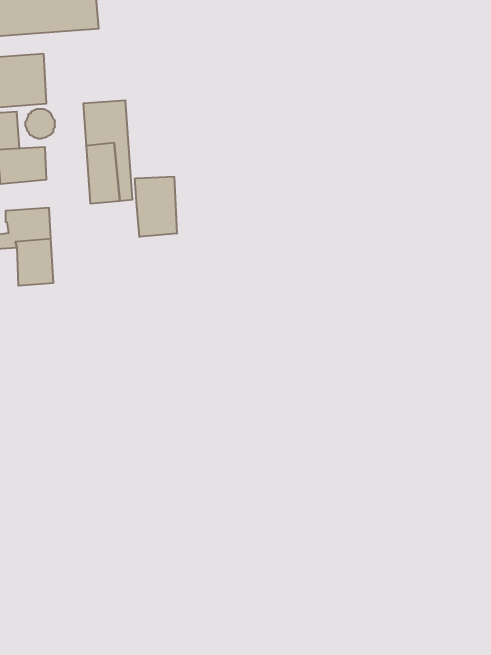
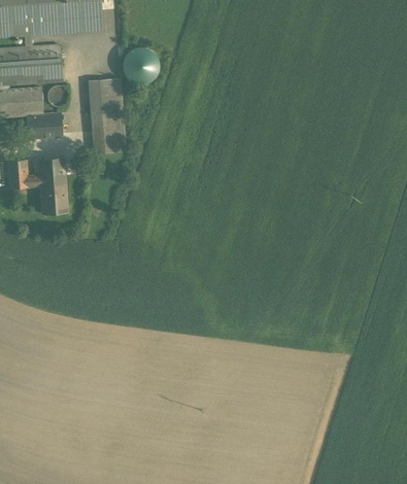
building: none -> [123,48,159,84]
building: [135,177,177,237] -> none

